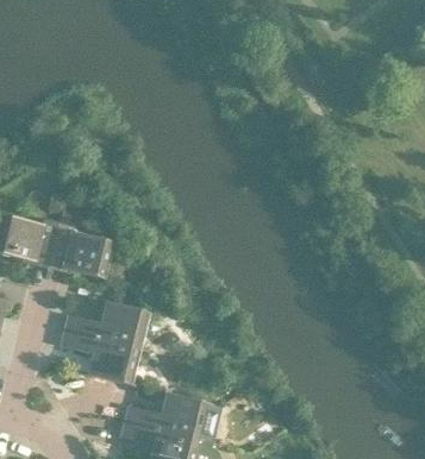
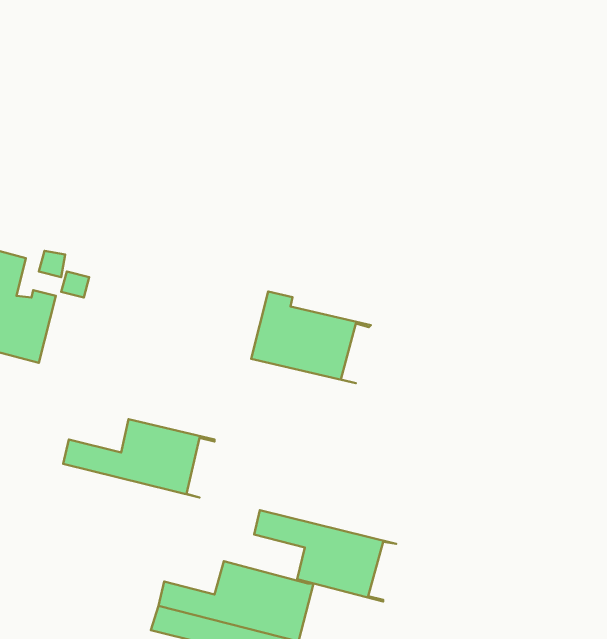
building: [48,222,124,281] -> [251,292,371,383]
building: [60,329,150,388] -> [254,510,396,602]

